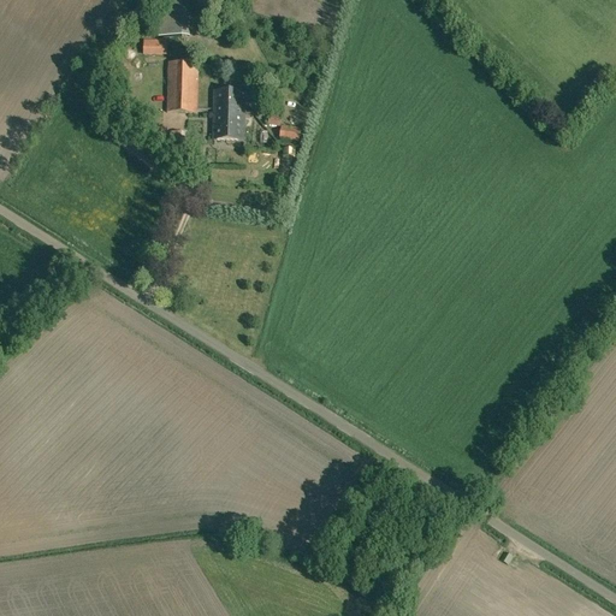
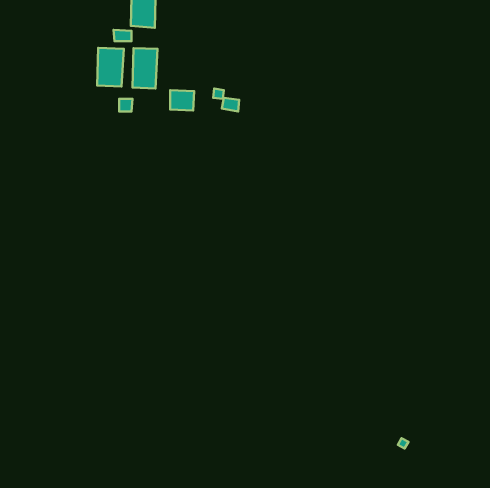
building: none -> [97,48,124,86]
building: [213,90,243,114] -> none

